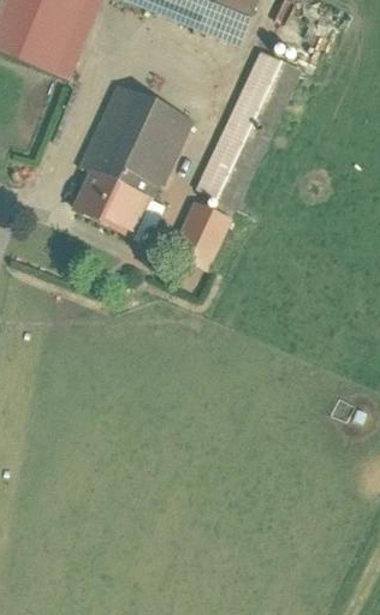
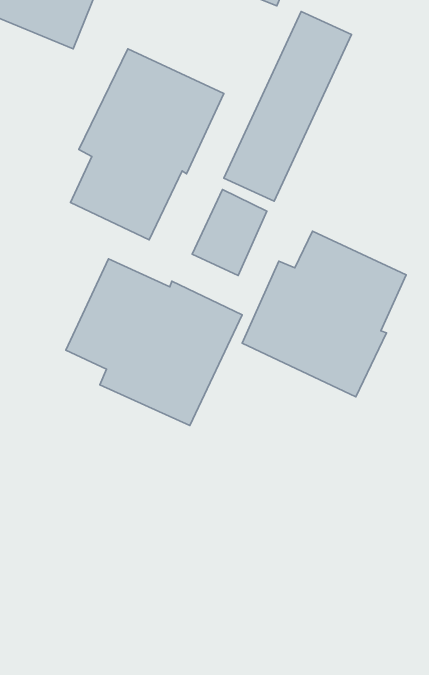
building: none -> [242,231,406,397]
building: none -> [66,259,242,425]

